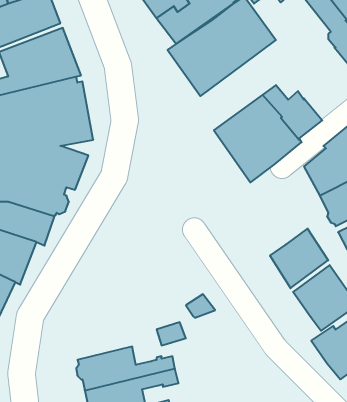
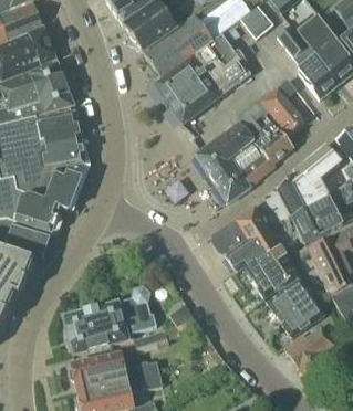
building: none -> [258,78,305,134]
building: none -> [216,205,280,271]
building: none -> [62,286,157,354]

